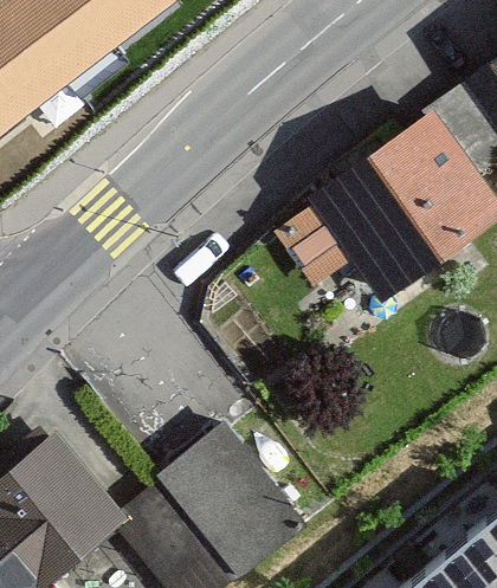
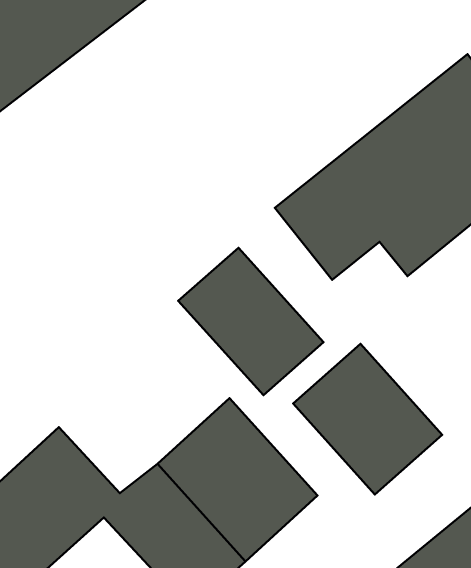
building: none -> [178,248,323,395]
building: none -> [293,344,442,494]

